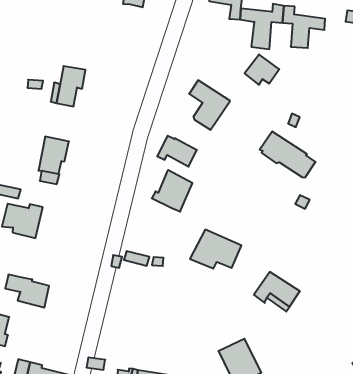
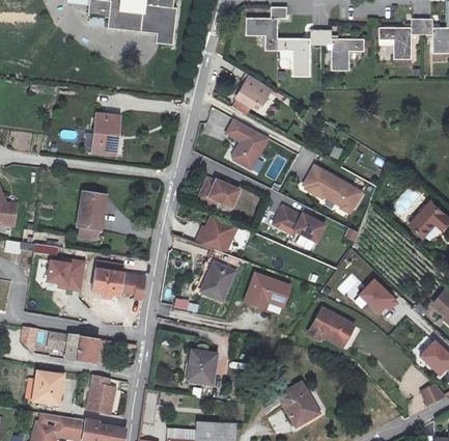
building: [245,54,279,85] -> [238,72,274,103]
building: none -> [273,205,325,242]
building: none -> [92,256,147,297]
building: none -> [200,250,238,298]
building: none -> [357,277,395,315]
building: none -> [189,349,216,383]
building: none -> [90,374,116,412]

